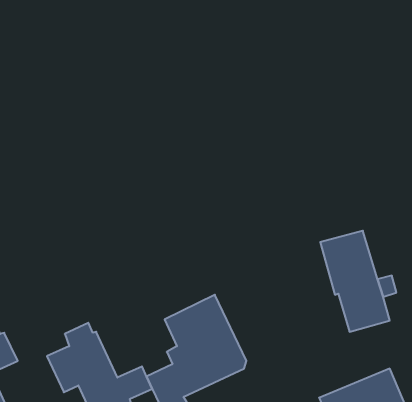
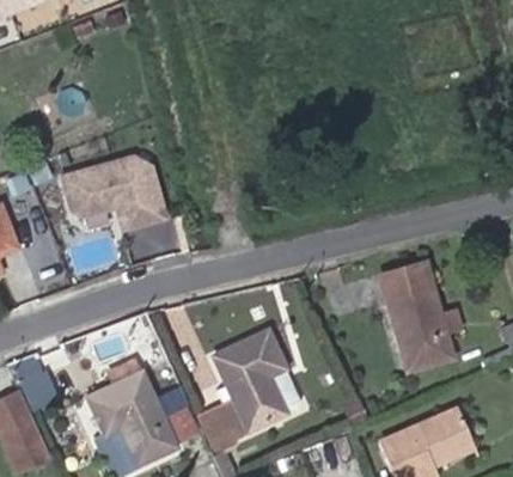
building: none -> [59,155,172,237]

